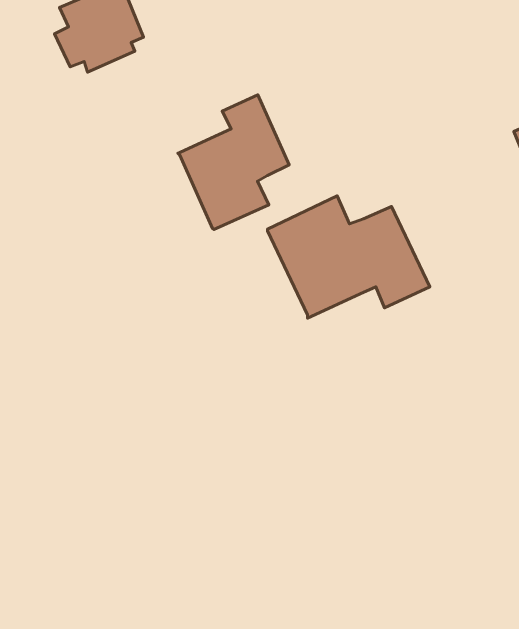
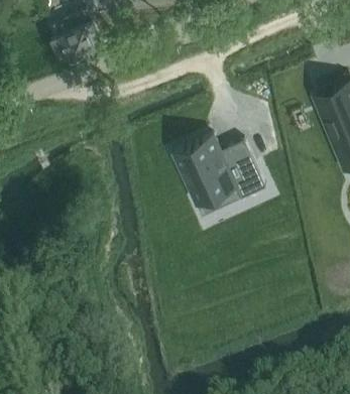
building: [178,95,289,229] -> none

